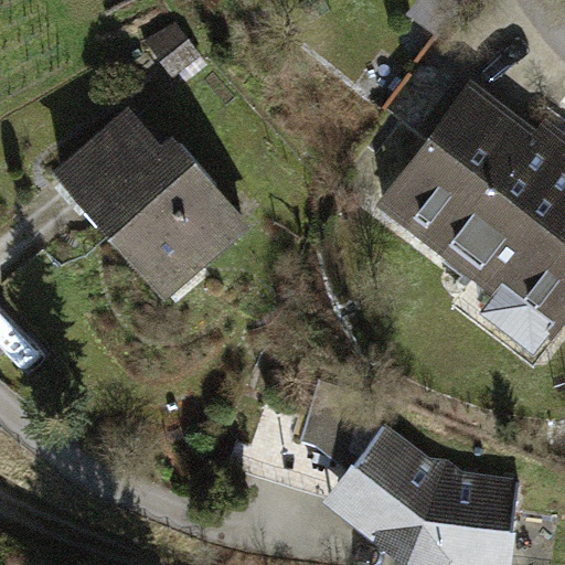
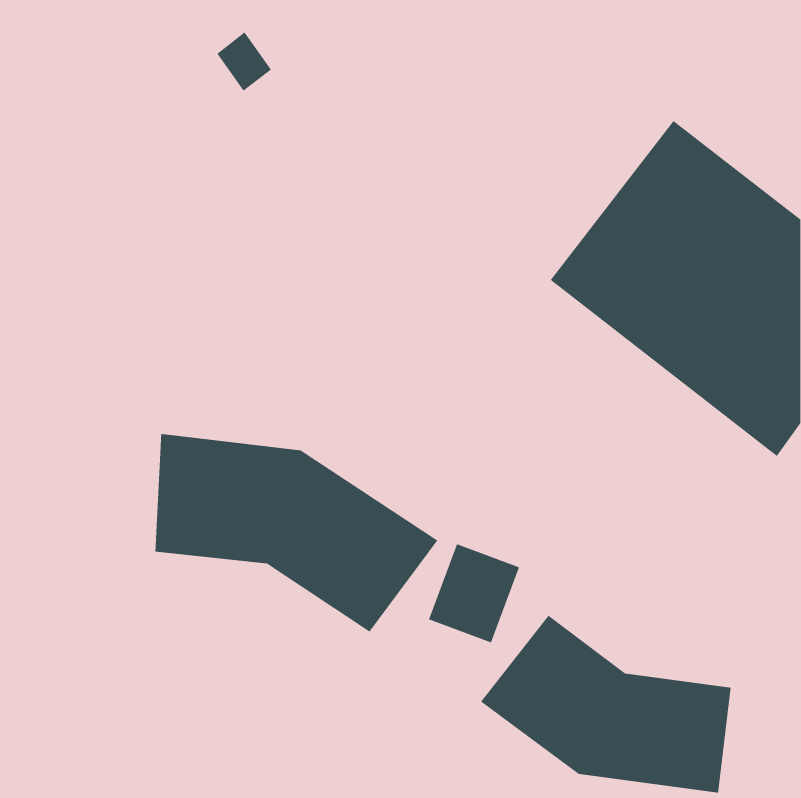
building: [65,116,231,286] -> none
building: none -> [155,433,438,633]

